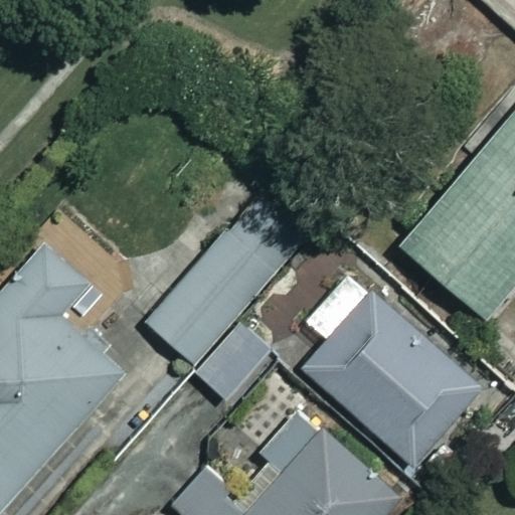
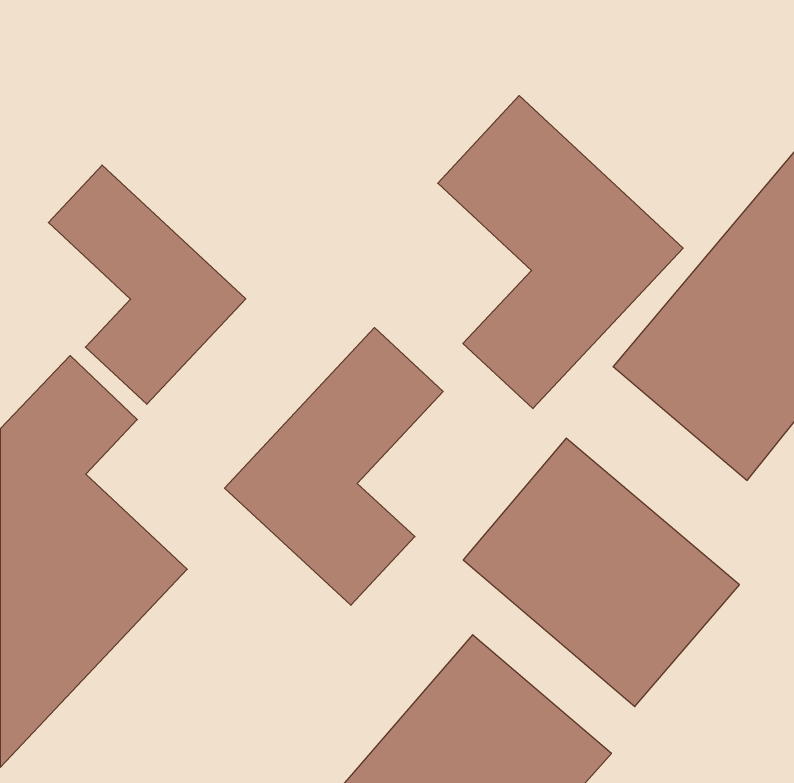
building: none -> [438,96,683,409]
building: none -> [48,165,246,404]

